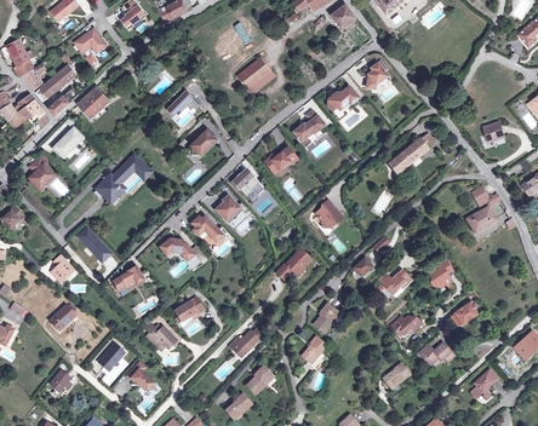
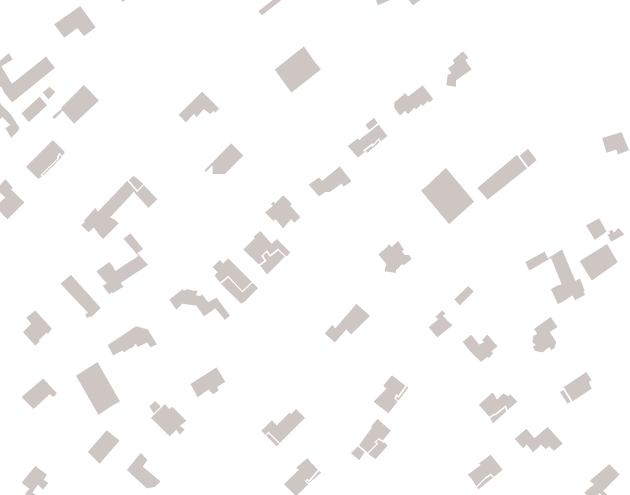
building: none -> [420,167,475,225]
building: none -> [95,232,149,295]
building: none -> [524,248,586,305]
building: none -> [75,361,121,416]

